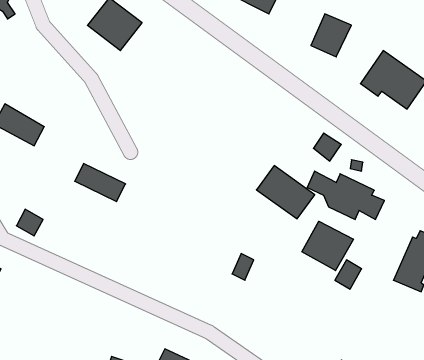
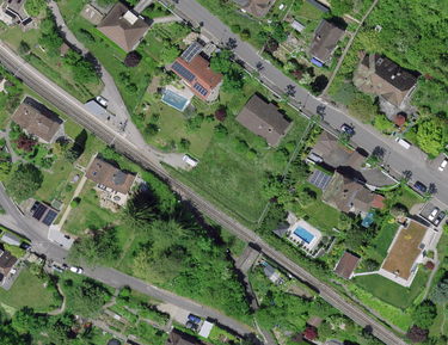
building: none -> [170,42,225,96]
building: [256,166,315,219] -> [235,96,290,146]
building: [302,221,353,271] -> none

